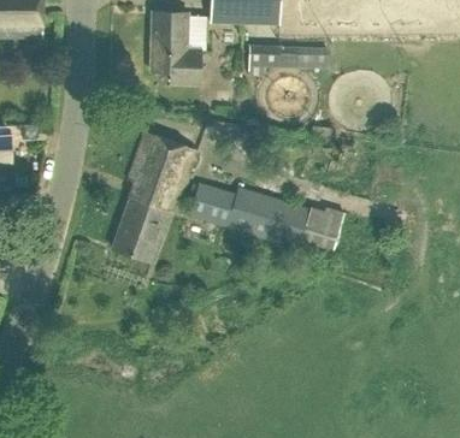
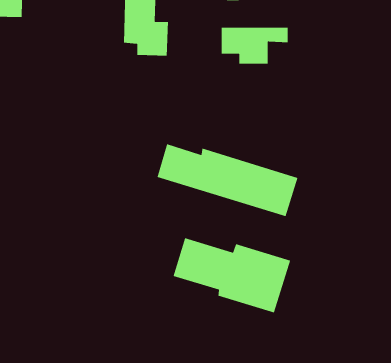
building: [111,135,194,262] -> none
building: none -> [173,237,291,314]

